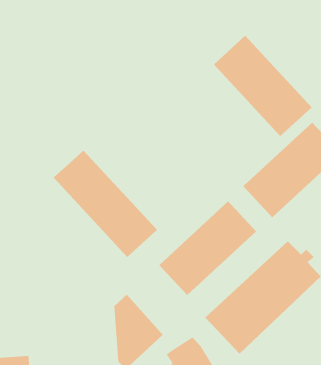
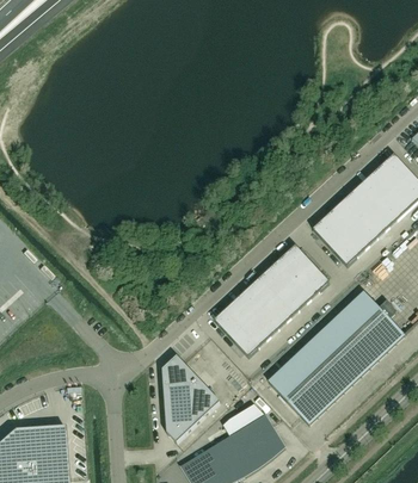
building: [213,35,312,137] -> none
building: [53,150,158,258] -> none

